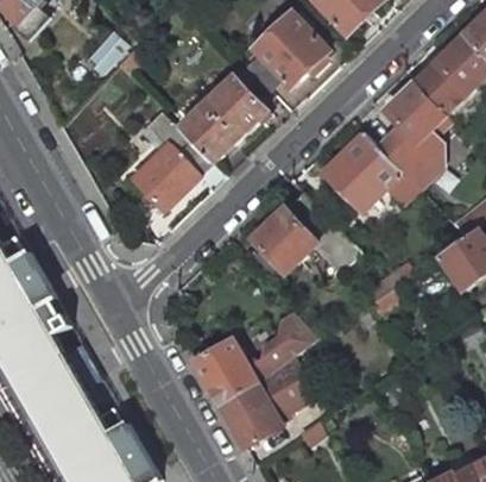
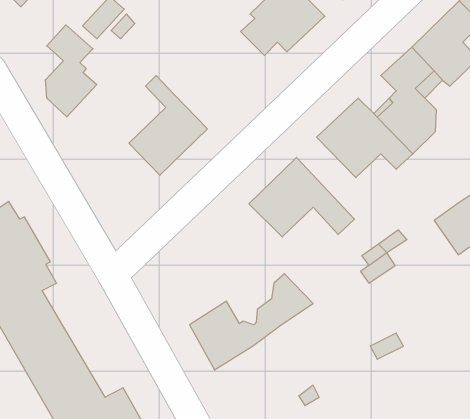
building: none -> [45,25,97,117]
building: [177,67,267,164] -> none
building: [217,362,308,447] -> none

